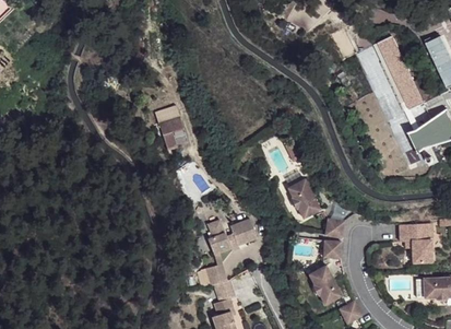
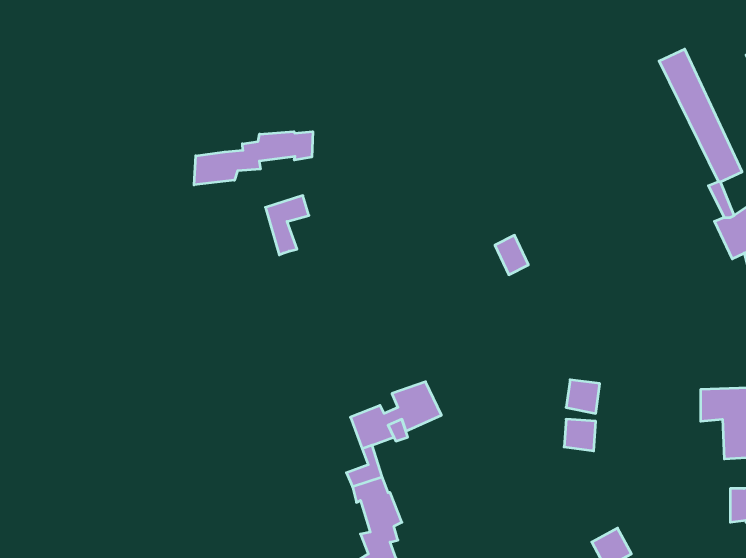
building: none -> [194,132,313,185]
building: [288,178,320,218] -> none
building: [309,265,342,304] -> none

